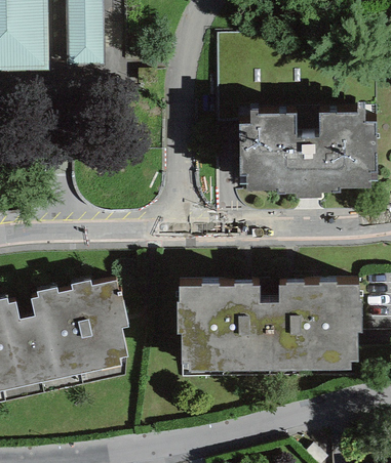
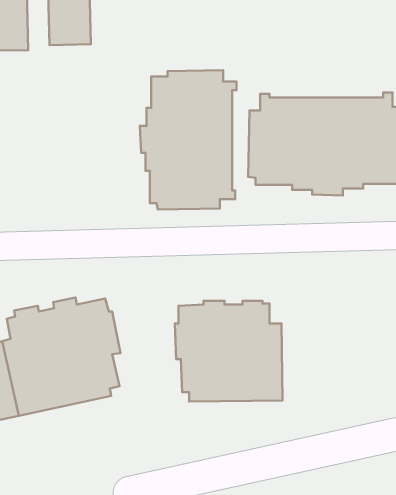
building: none -> [140,70,236,210]
building: [269,284,362,371] -> none

